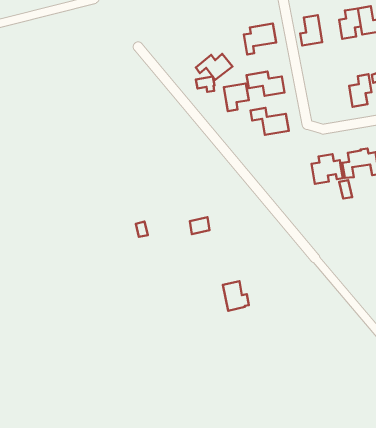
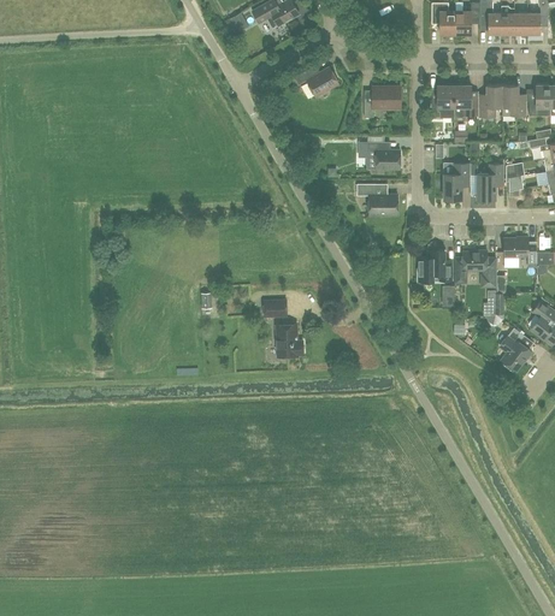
building: none -> [454,85,478,118]
building: [196,54,233,80] -> [294,66,337,96]
building: none -> [443,164,470,200]
building: [224,83,249,111] -> none
building: [223,281,249,311] -> [276,325,302,357]

